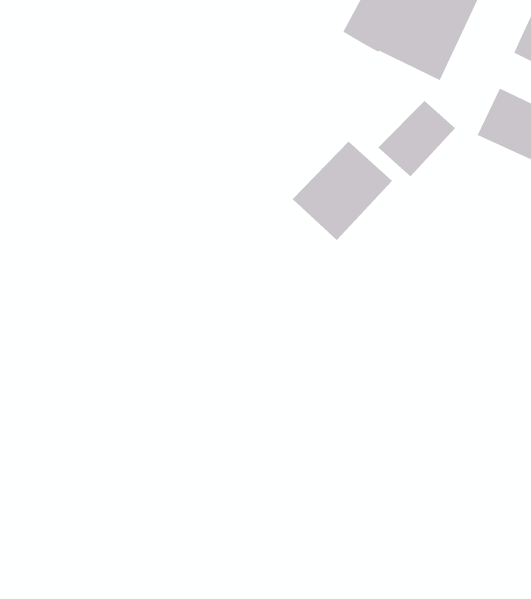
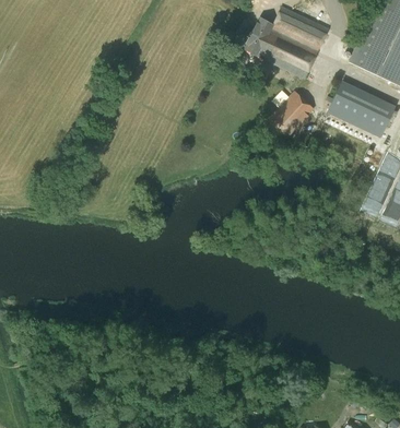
building: [292,141,393,241] -> none

